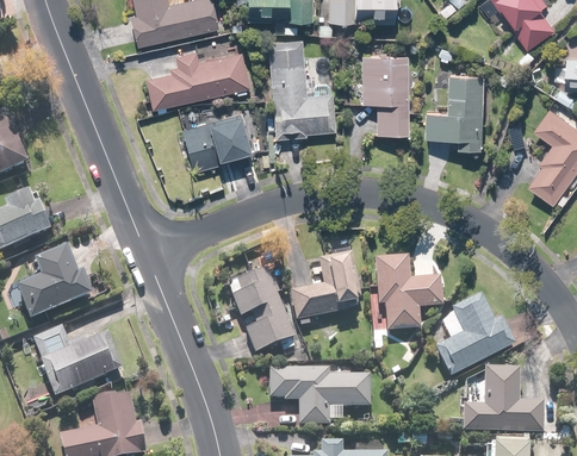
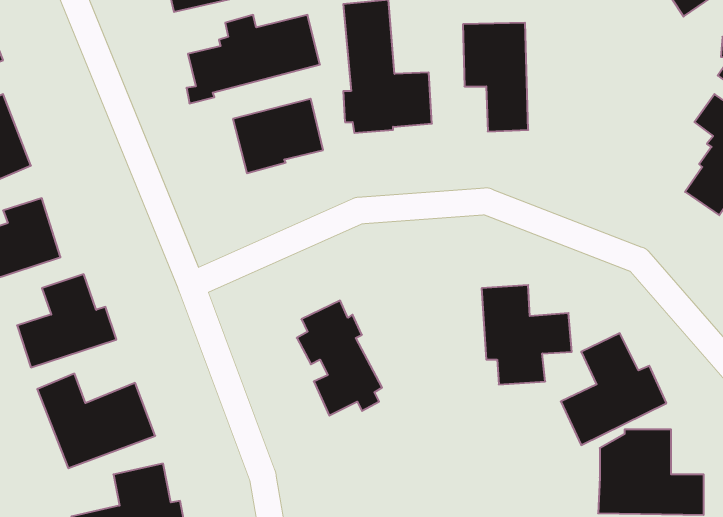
building: [426,74,485,149] -> none
building: [288,251,358,325] -> none
building: [266,364,371,425] -> none

